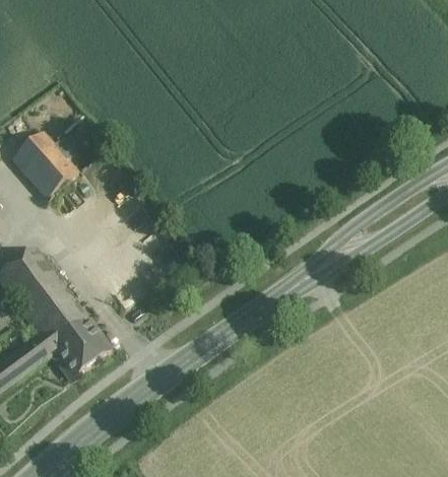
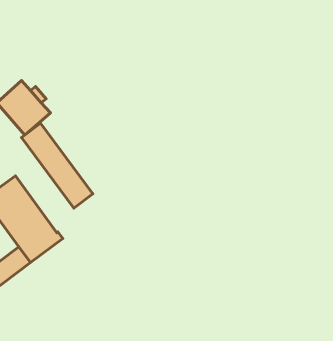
building: none -> [21,123,93,208]
building: [54,323,111,376] -> none

